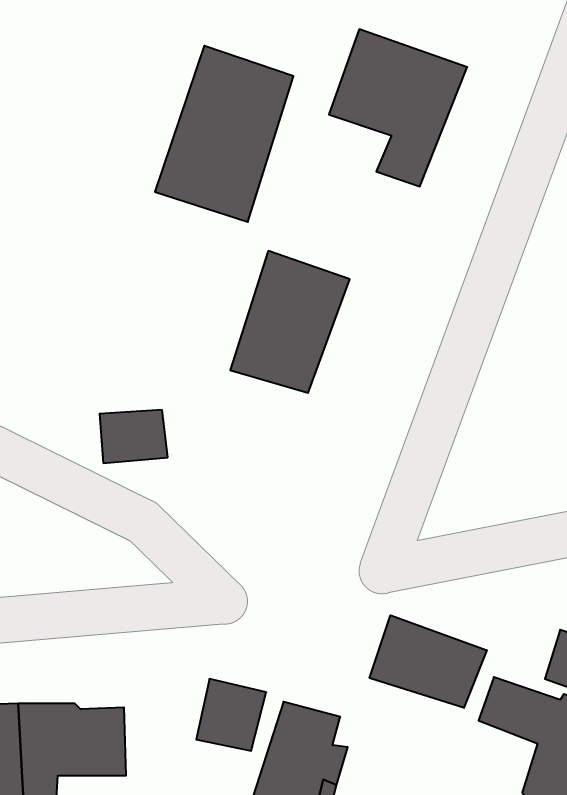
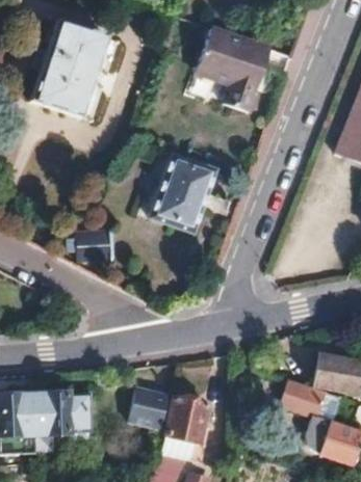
building: [155,46,293,222] -> [30,18,106,114]
building: [370,615,487,708] -> none

